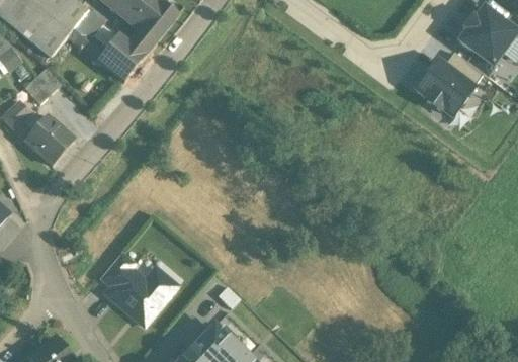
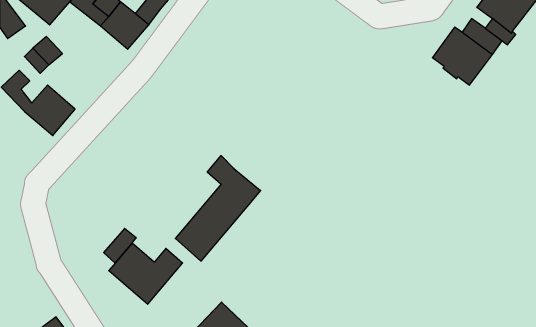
building: none -> [175,156,261,261]

